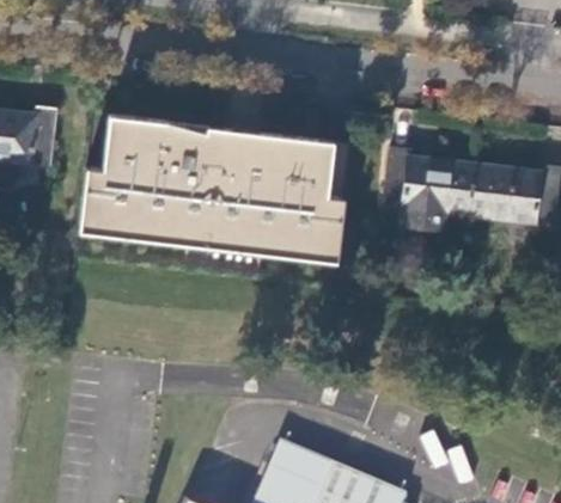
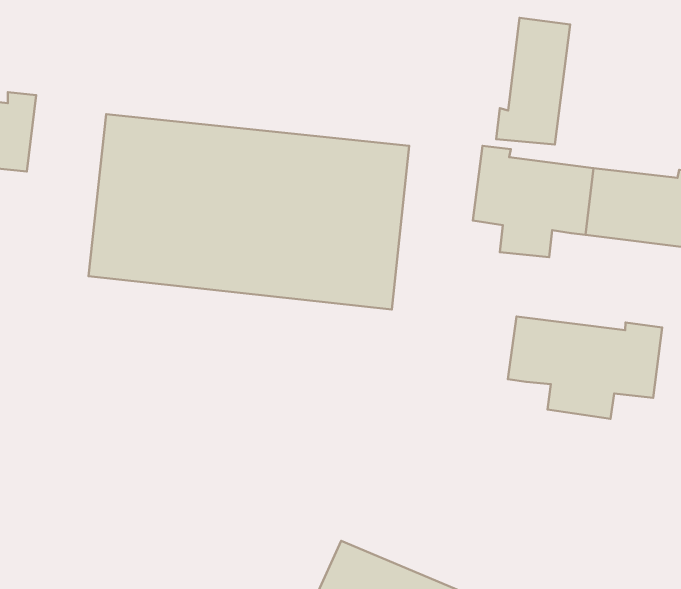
building: none -> [496,18,570,144]
building: none -> [508,317,662,419]

